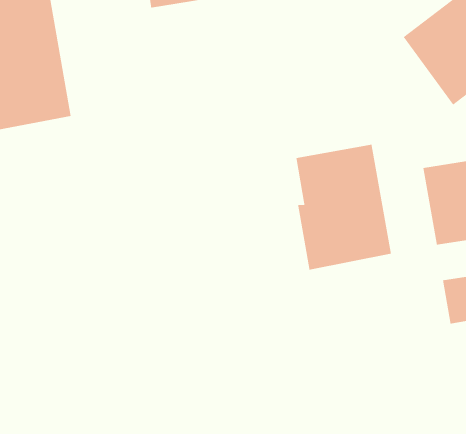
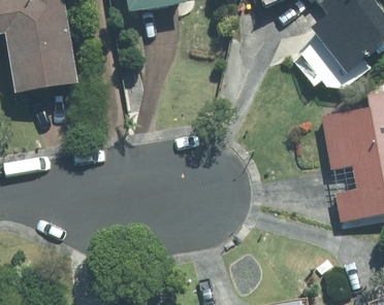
building: [296,144,391,271] -> none

